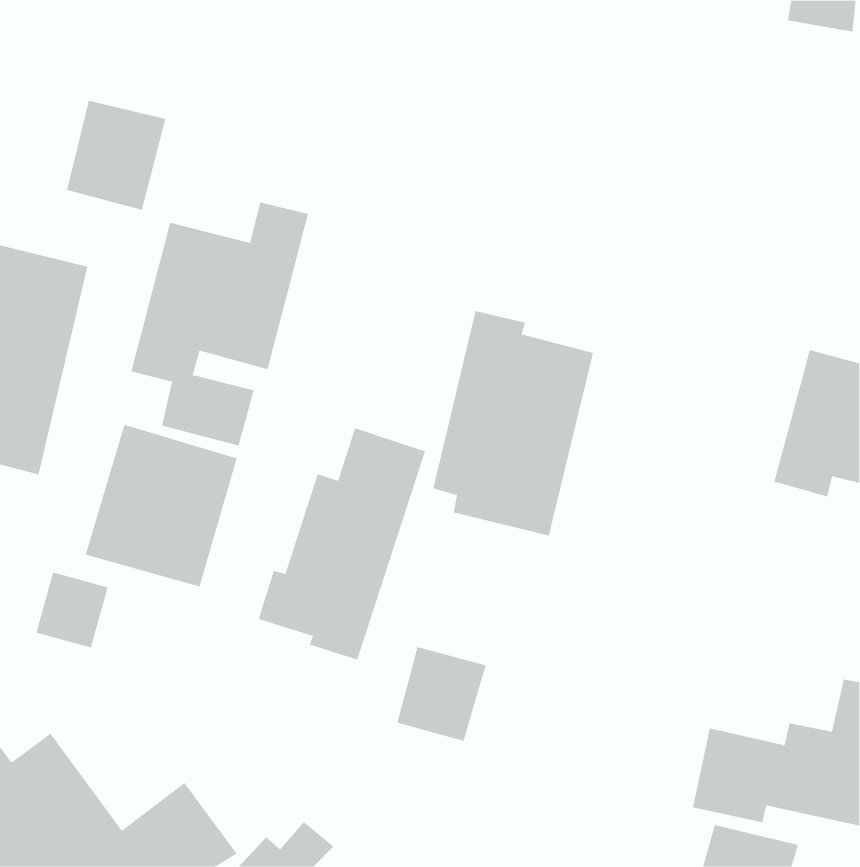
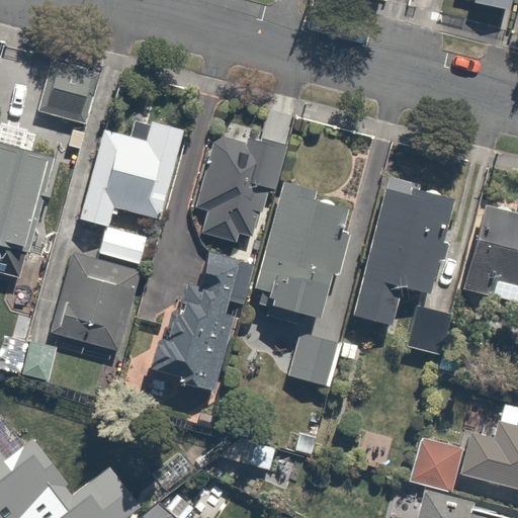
building: none -> [188,135,287,264]
building: none -> [349,175,462,354]
building: [396,647,486,742] -> [283,333,337,390]

